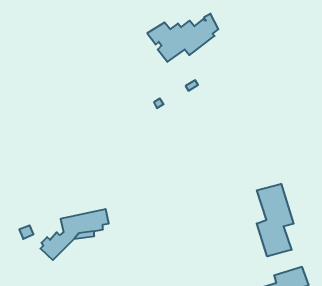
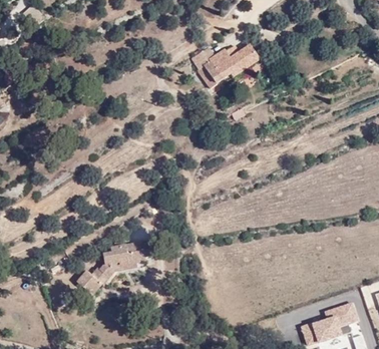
building: [257,184,294,256] -> none

